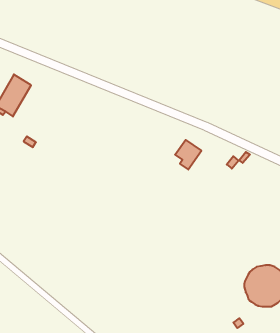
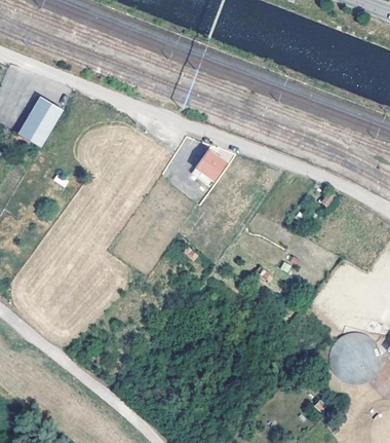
building: [175,140,201,170] -> [194,146,227,183]

